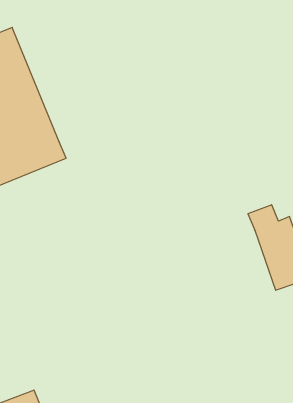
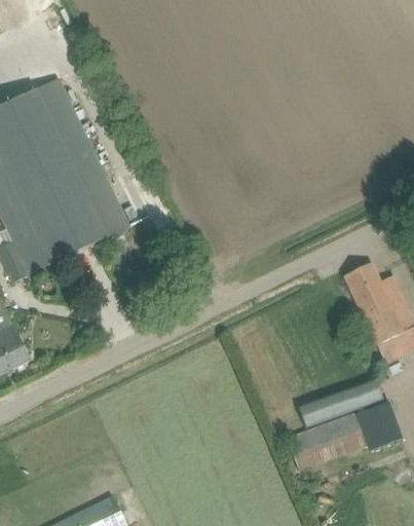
building: none -> [296,381,379,422]
building: none -> [288,403,402,472]

